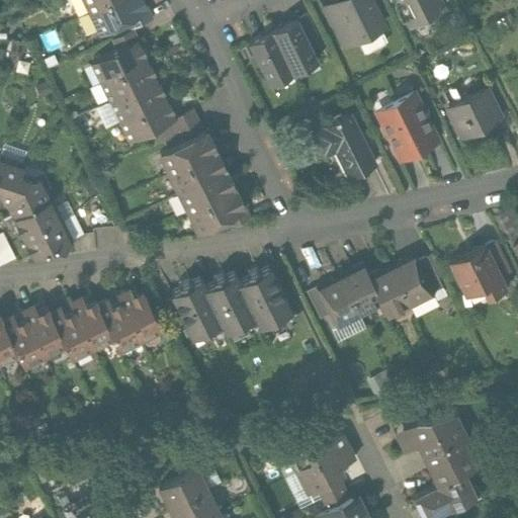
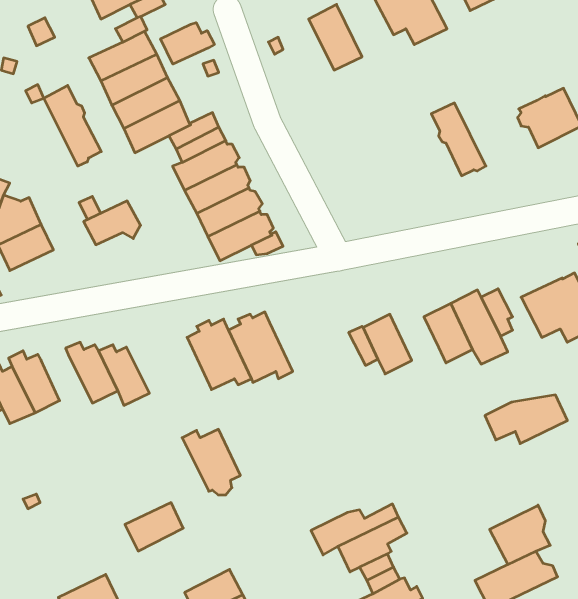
building: [250,32,294,86] -> none
building: none -> [161,23,214,64]
building: none -> [44,85,101,166]
building: [395,93,439,155] -> none
building: [313,115,375,179] -> none
building: [24,225,72,261] -> [84,201,141,245]
building: [341,268,381,317] -> none
building: [241,271,294,330] -> none
building: [118,292,167,347] -> [182,429,240,495]
building: [51,312,93,362] -> none
building: [395,417,463,457] -> [485,395,567,444]
building: [159,469,207,510] -> [125,503,183,551]

